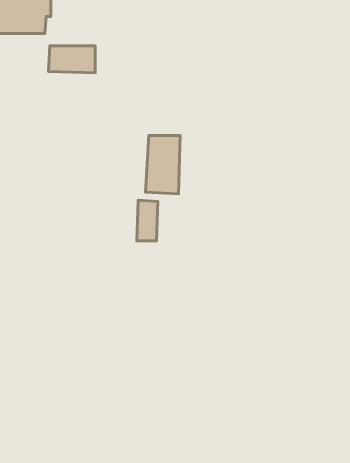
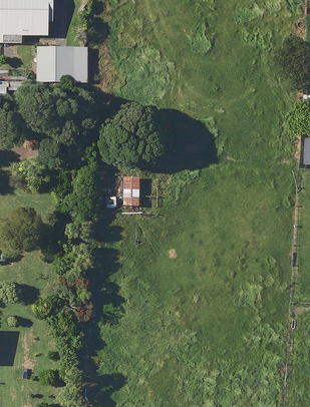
building: [145,135,180,194] -> none

